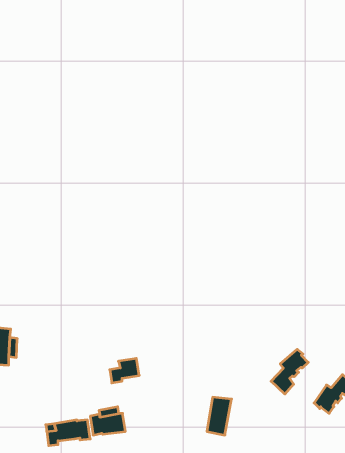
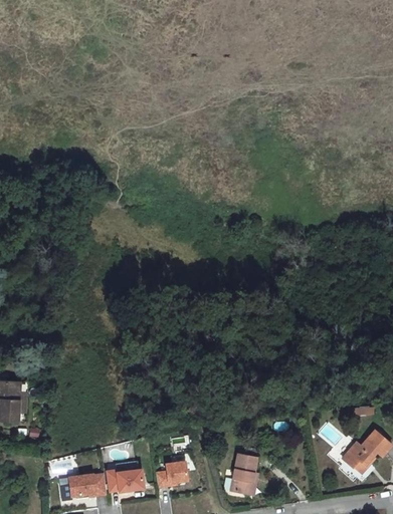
building: [271,349,308,394] -> none
building: [110,358,139,383] -> [156,463,187,489]

